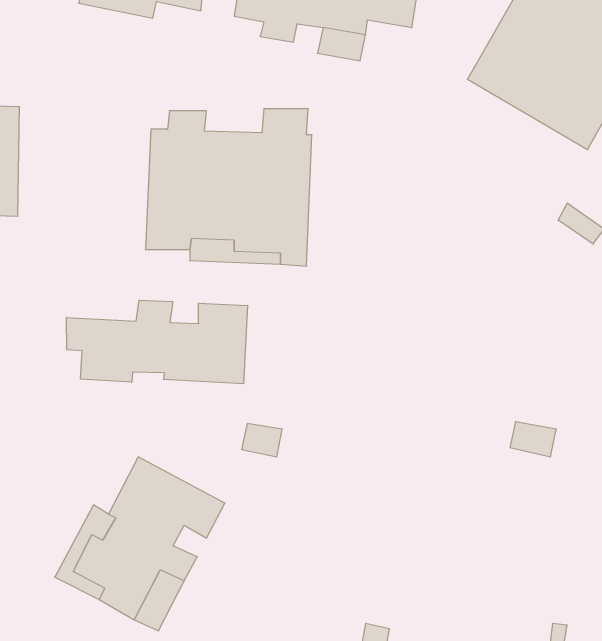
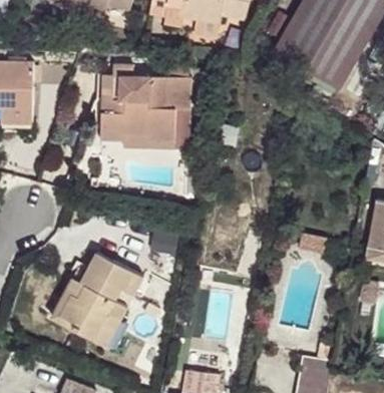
building: [67,300,248,384] -> none

